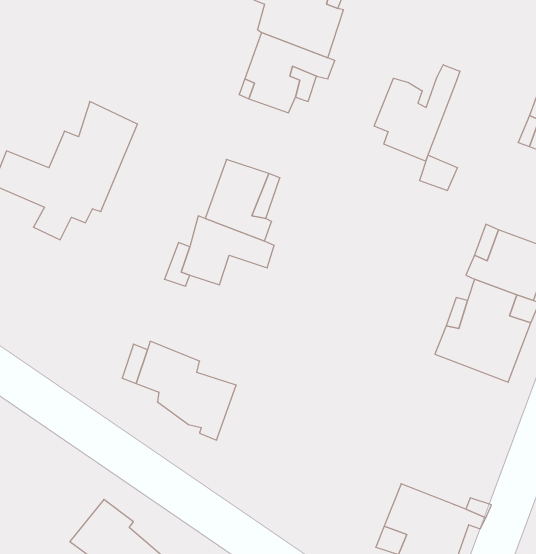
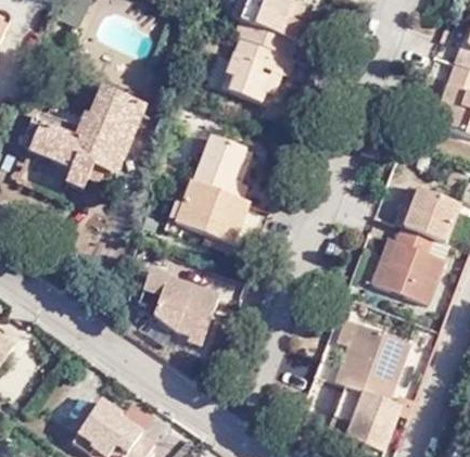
building: [374,65,460,161] -> none
building: none -> [202,204,242,249]
building: none -> [334,315,408,396]

